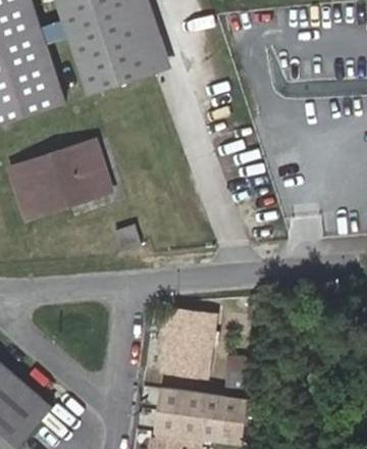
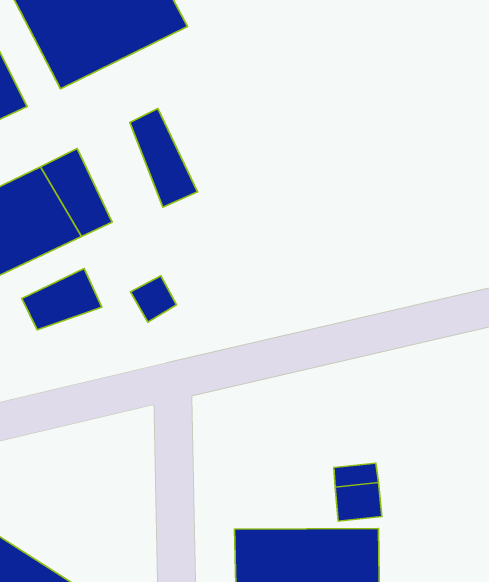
building: none -> [130,109,197,207]
building: none -> [22,269,102,330]
building: [162,313,216,382] -> none

